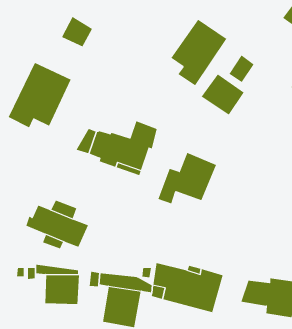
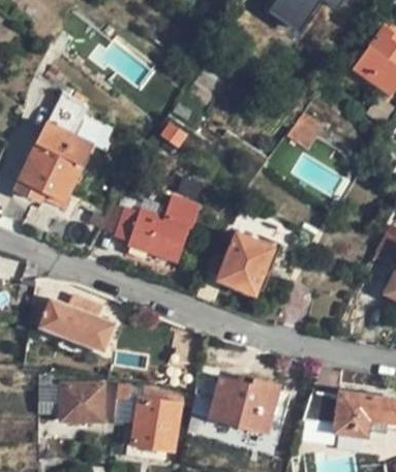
building: [61,16,93,47] -> [50,93,89,131]
building: [171,19,227,86] -> none
building: [201,73,245,116] -> none

